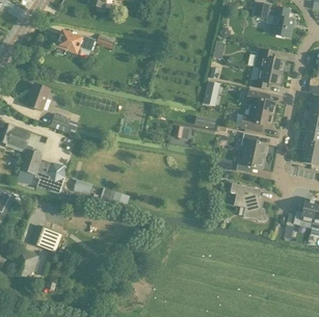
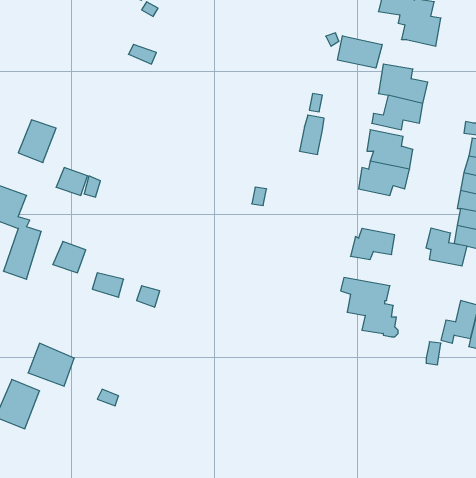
building: none -> [338,36,382,68]
building: [57,31,95,54] -> none
building: [241,133,267,157] -> [426,228,467,266]

